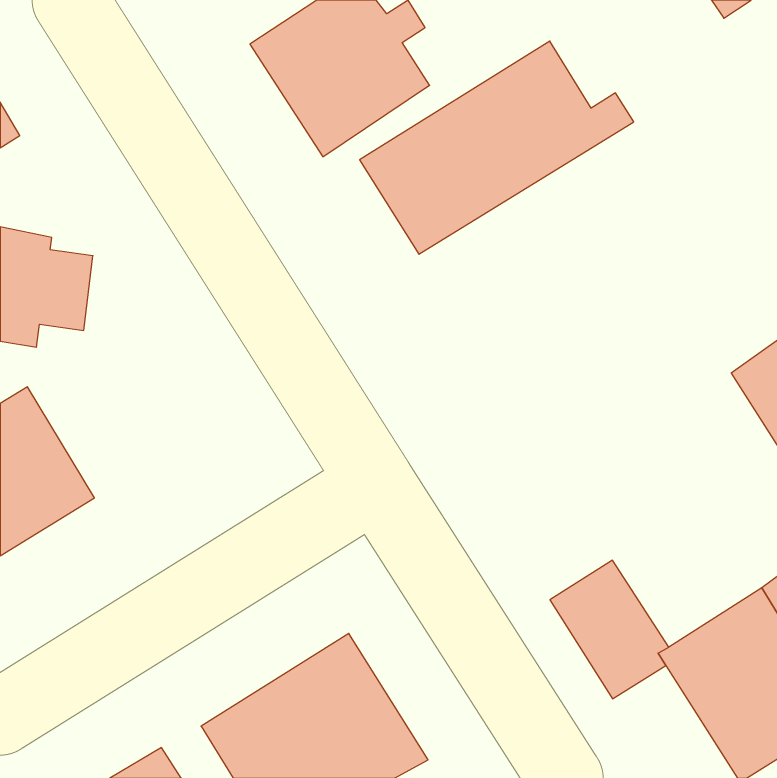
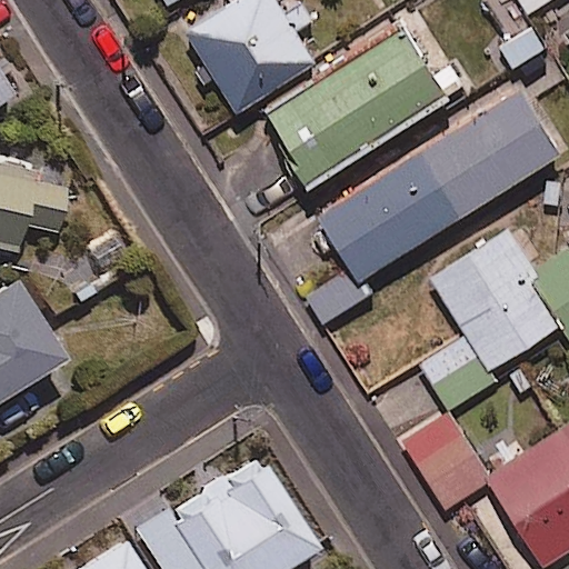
building: none -> [309,91,558,325]
building: none -> [423,231,560,409]

